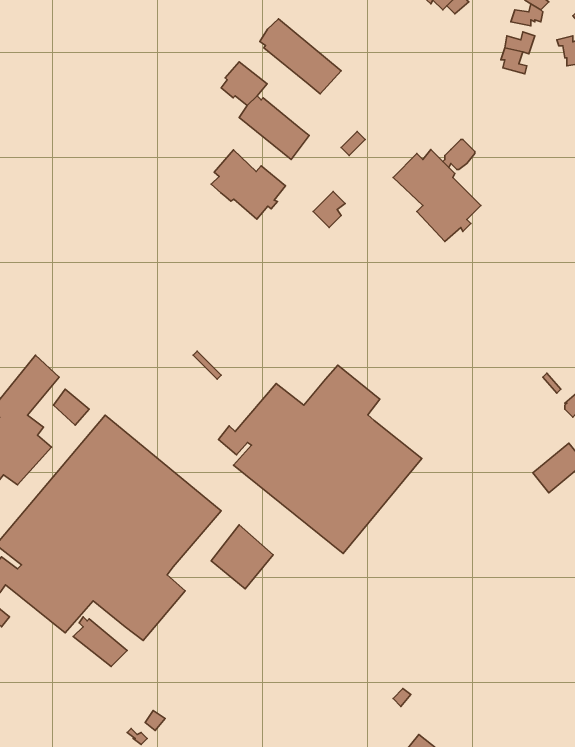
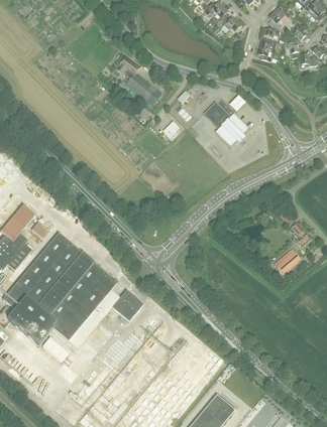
building: [260,19,341,94] -> none
building: [211,150,285,219] -> none
building: [218,365,422,554] -> none

